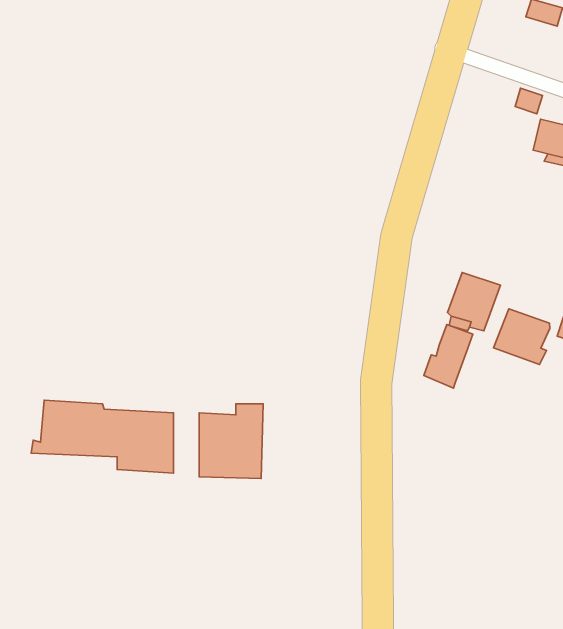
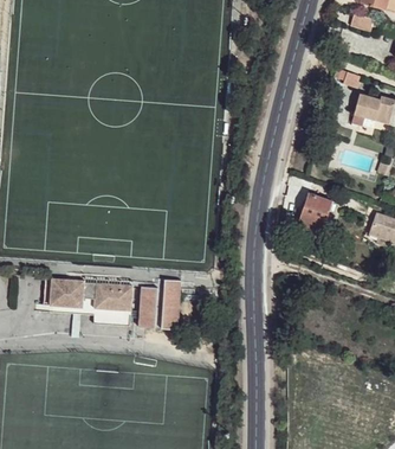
building: [494,309,550,365] -> none
building: [424,324,473,388] -> none

